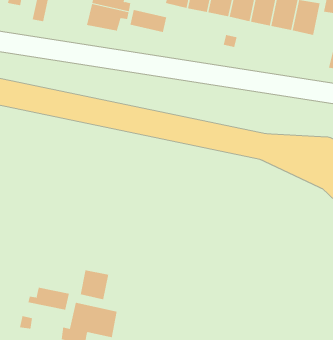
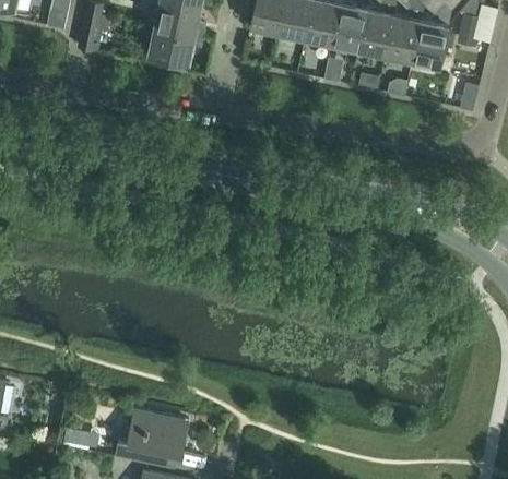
building: [130,9,167,33] -> none
building: [80,270,109,300] -> none
building: [28,287,69,311] -> none

